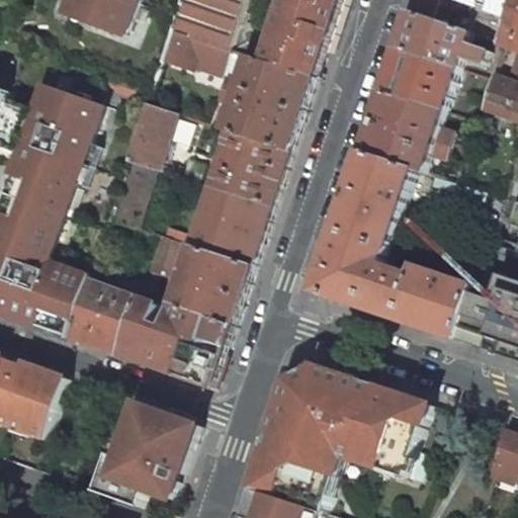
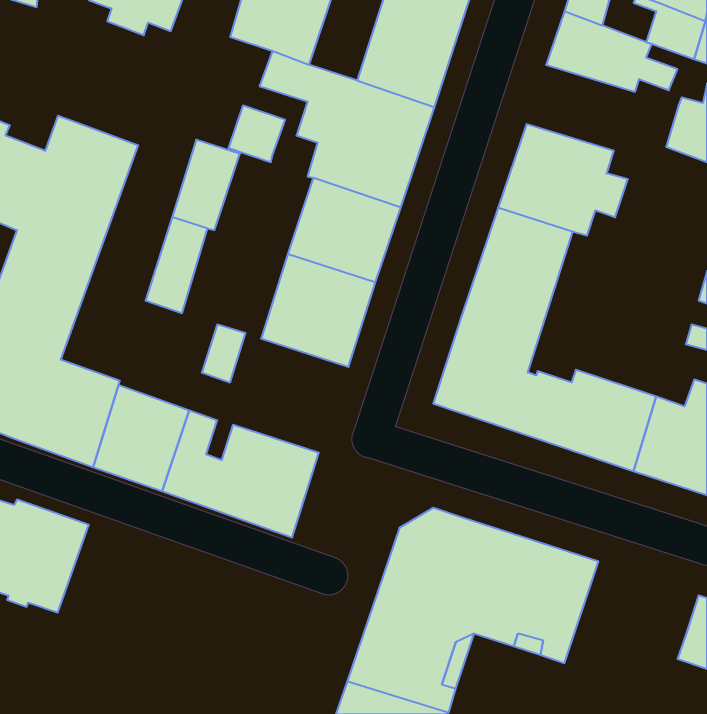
building: [155,26,195,67] -> [229,106,285,162]
building: [377,47,455,108] -> none
building: [167,243,250,325] -> none
building: [100,402,196,507] -> none

